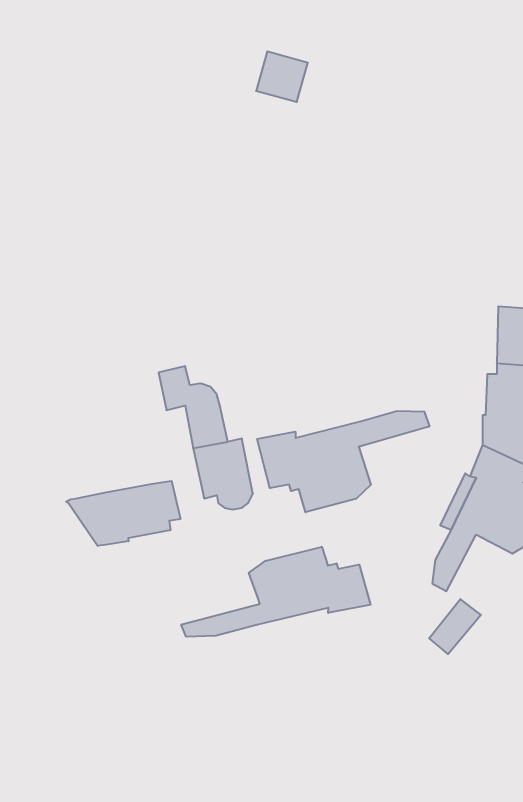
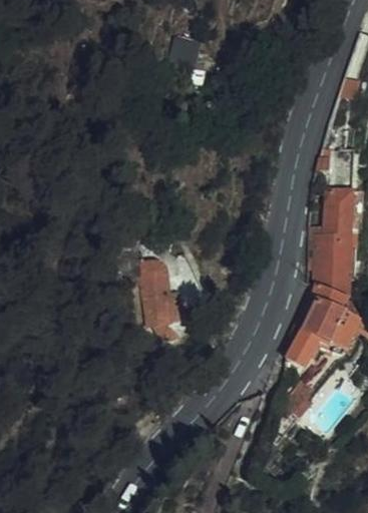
building: [257,411,429,512] -> none
building: [66,481,180,546] -> none
building: [181,547,371,637] -> none

